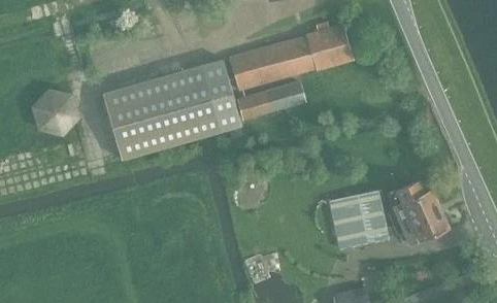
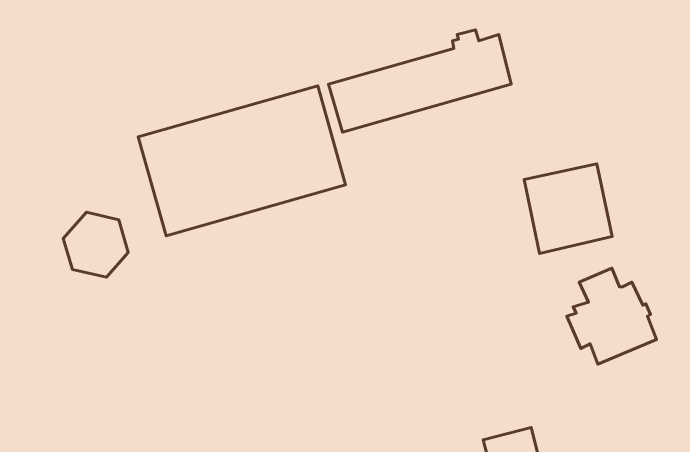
building: [237,81,304,119] -> none
building: [33,90,76,133] -> [63,212,128,277]
building: [329,190,388,249] -> [524,164,612,254]

